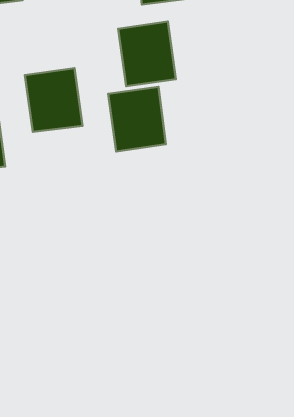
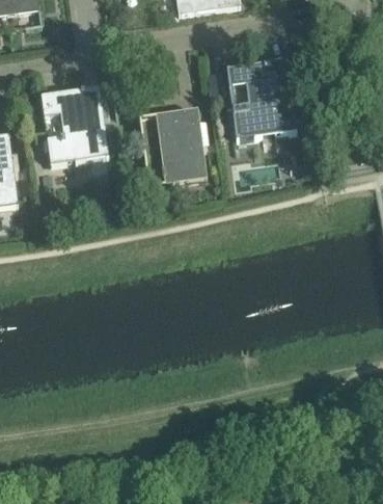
building: [118,22,176,86] -> [228,60,296,136]

